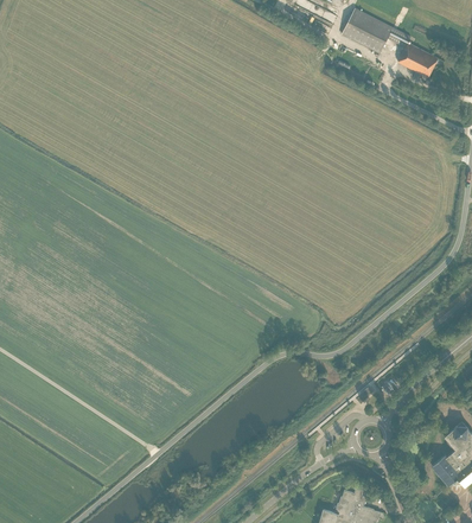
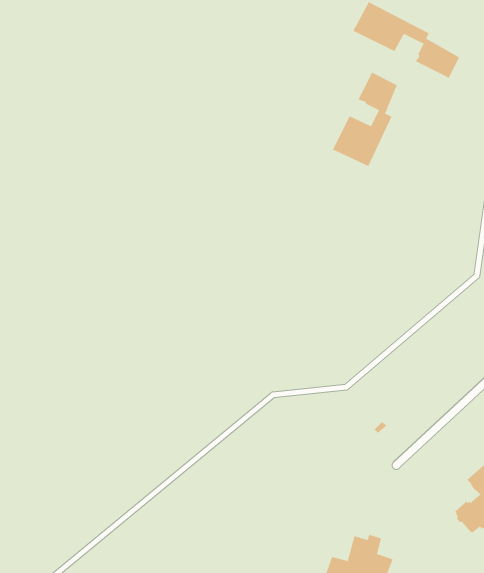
building: none -> [332,72,398,167]

